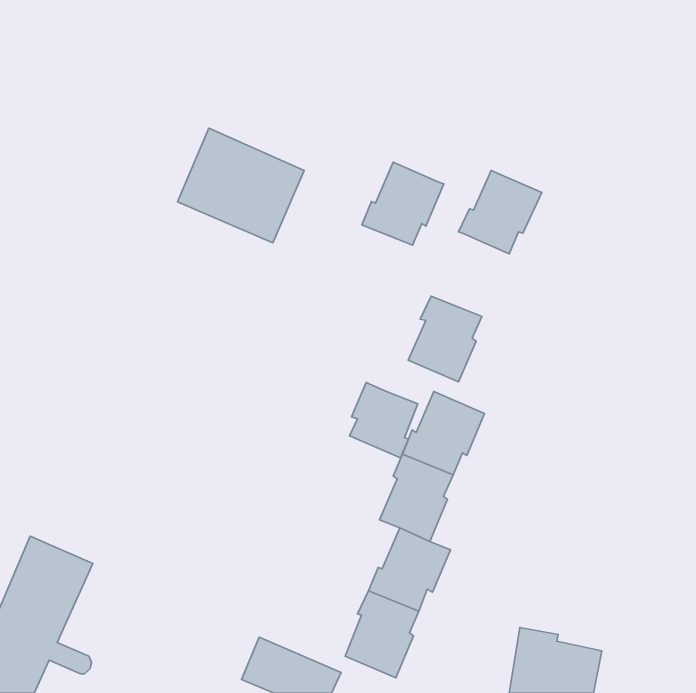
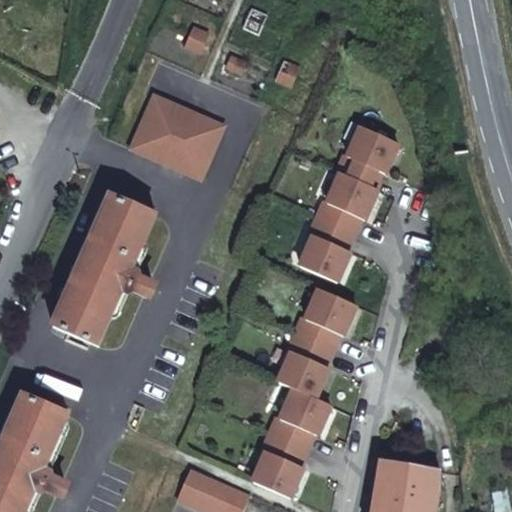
building: [362,162,444,245] -> [316,171,376,232]
building: none -> [53,194,154,344]
building: [349,383,418,458] -> none

